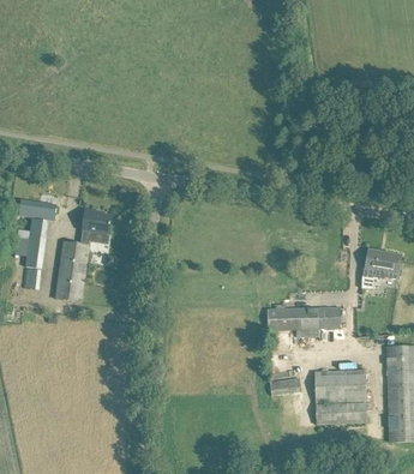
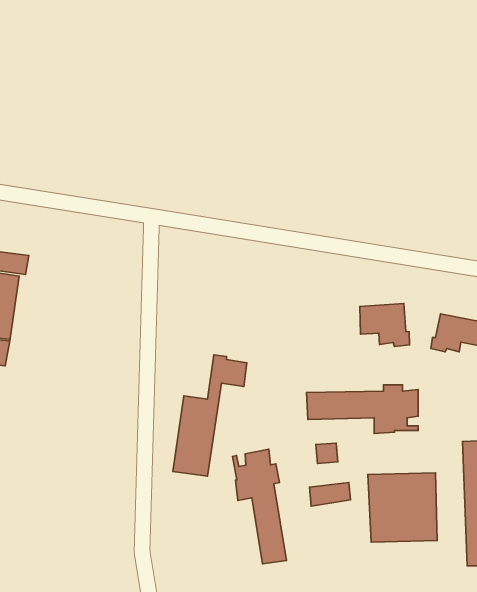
building: [54,209,110,301] -> [173,355,247,476]
building: none -> [360,303,410,346]
building: none -> [232,449,287,564]

